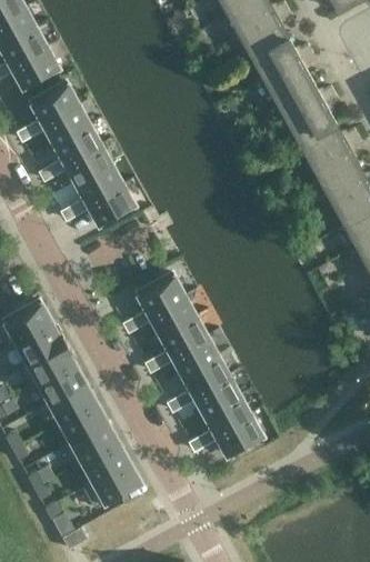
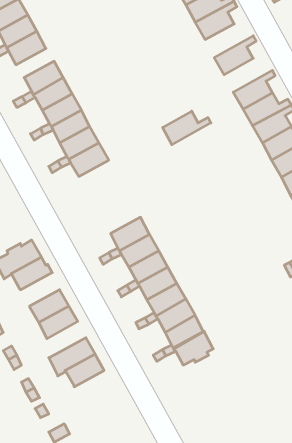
building: [252,38,311,79] -> none
building: [276,80,334,121] -> [163,111,211,145]
building: [17,342,74,390] -> none
building: [59,402,107,442] -> none
building: [82,462,141,509] -> none

